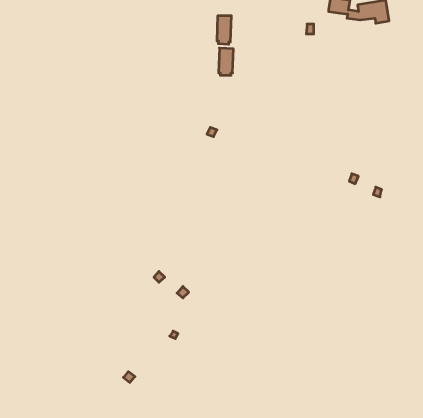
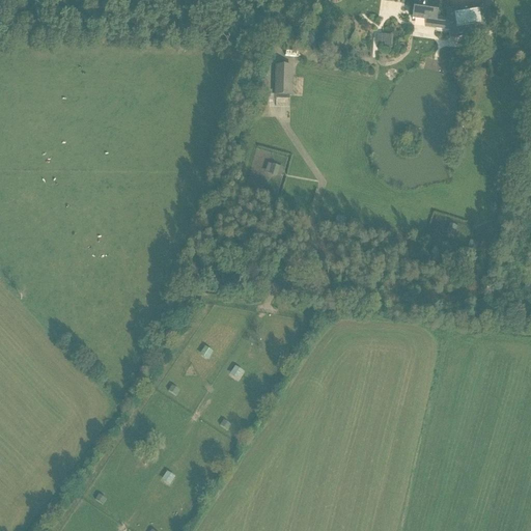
building: [217,16,231,44] -> none

